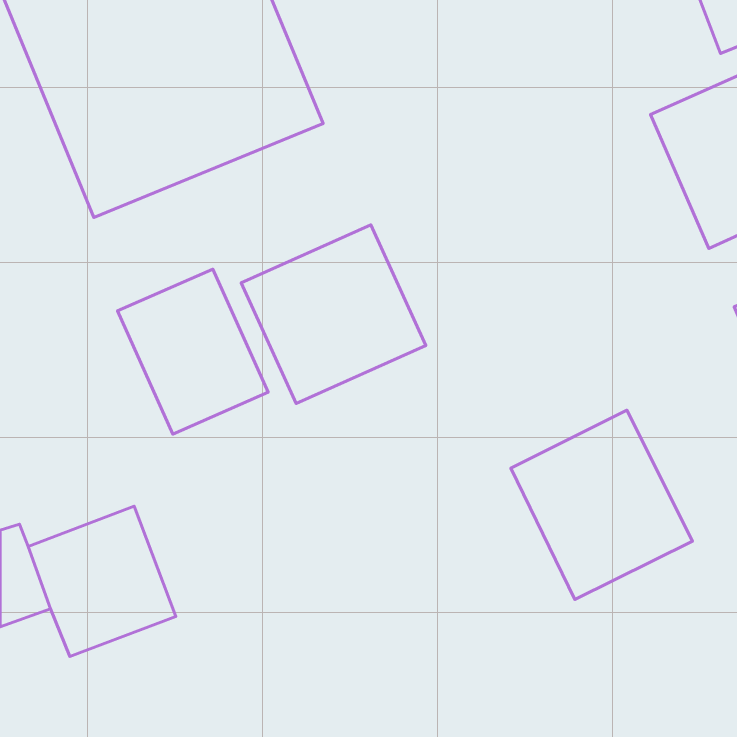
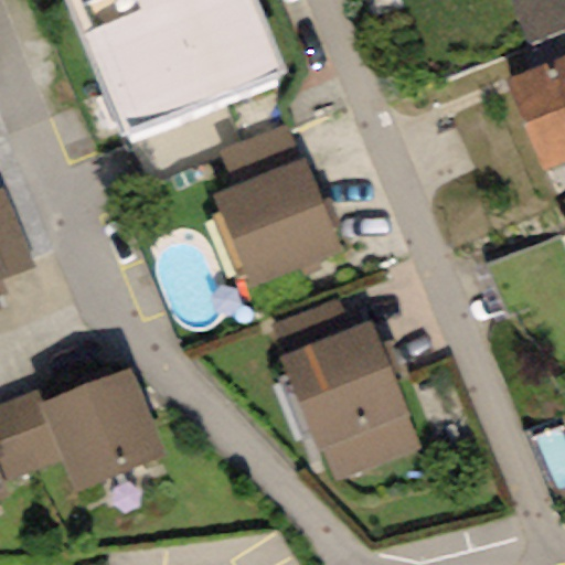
building: [118,269,268,434] -> none
building: [511,410,692,599] -> [266,320,401,460]

